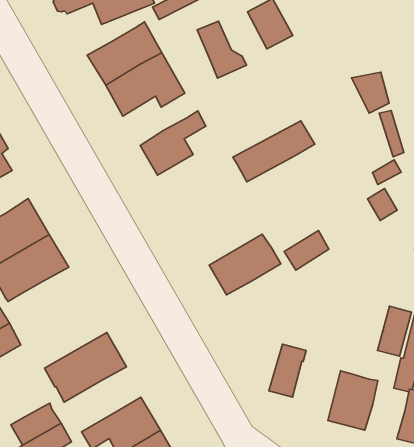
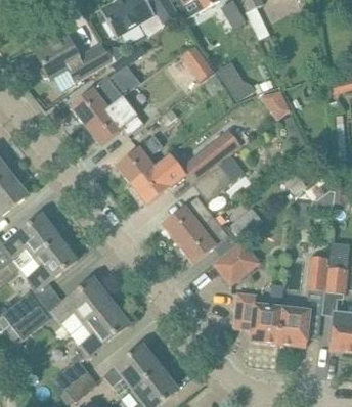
building: [197,21,247,78] -> [216,62,255,103]
building: none -> [193,153,245,200]
building: none -> [131,166,178,205]
building: none -> [162,196,212,243]
building: none -> [213,240,259,285]
building: none -> [52,279,111,333]
building: none -> [249,303,281,343]

